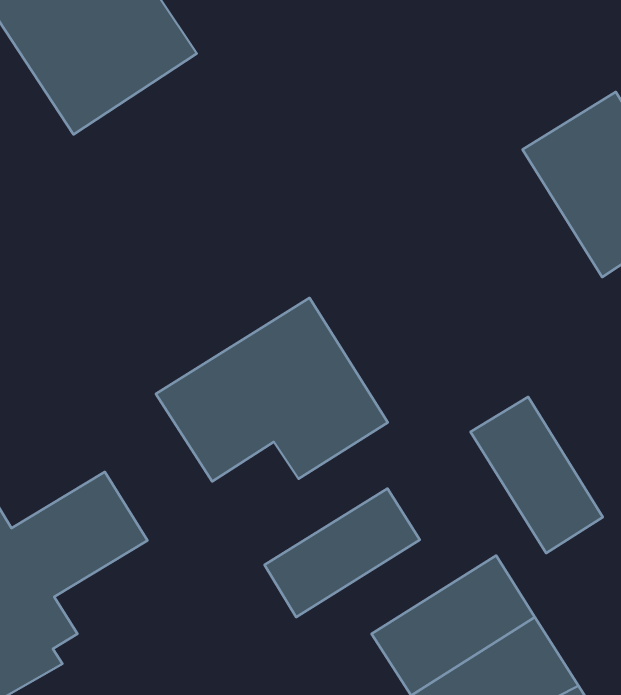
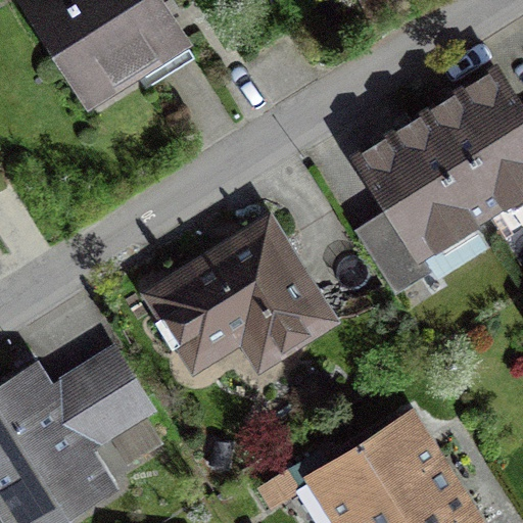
building: none -> [358,114,487,292]
building: [470,397,603,553] -> none
building: [264,489,420,617] -> none

